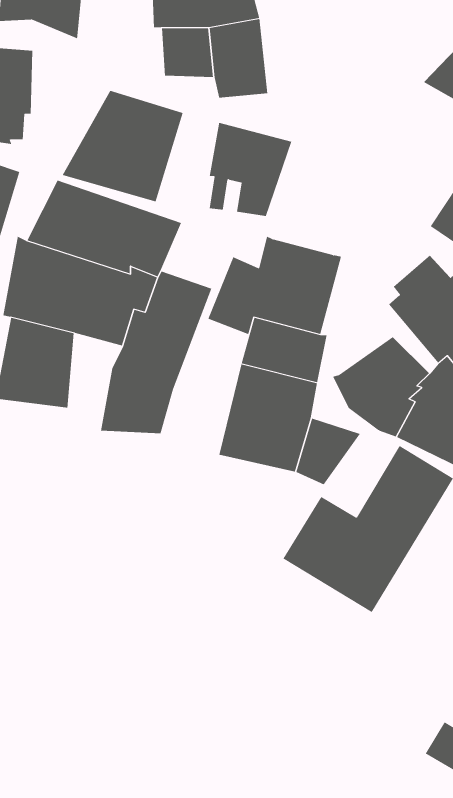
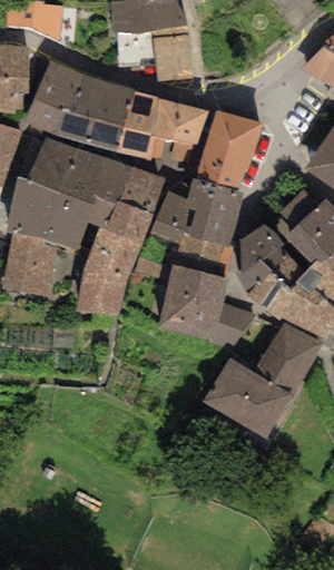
building: none -> [26,59,82,134]
building: none -> [115,90,158,161]
building: none -> [196,109,263,189]
building: none -> [118,167,165,213]
building: none -> [239,223,285,273]

